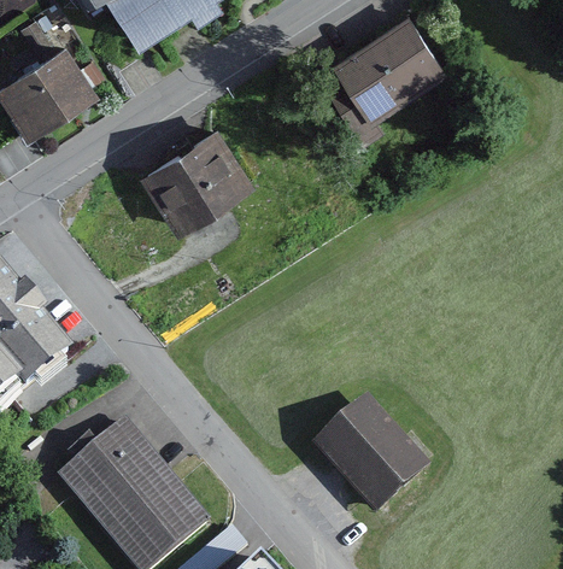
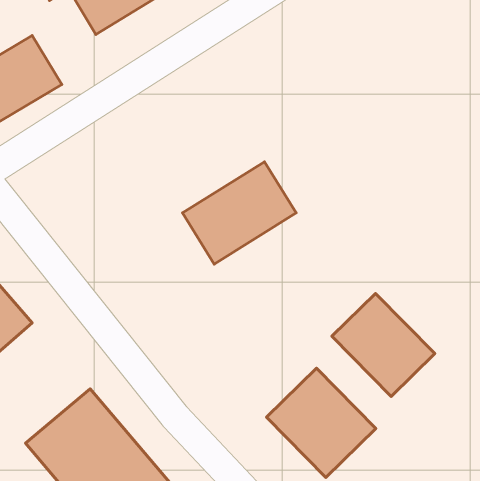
building: [332,13,448,125] -> none
building: [129,130,250,239] -> [182,162,296,264]
building: none -> [332,293,435,396]

